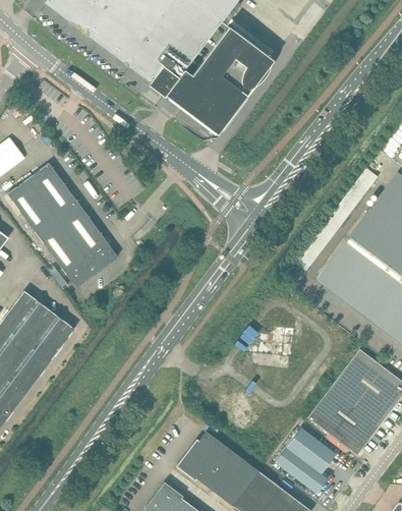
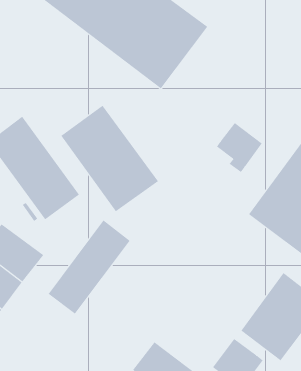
building: none -> [60,105,159,212]
building: none -> [216,122,263,173]
building: none -> [48,219,130,314]

